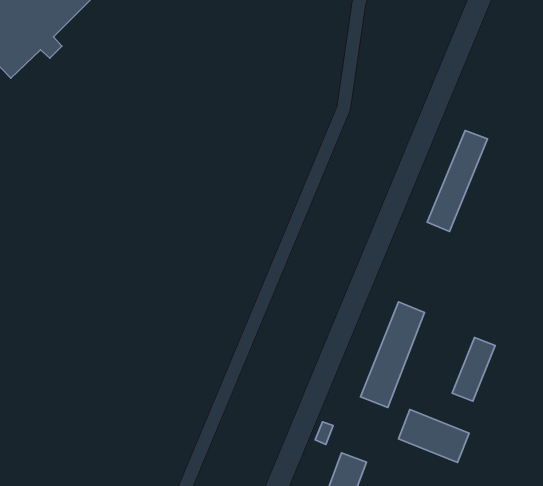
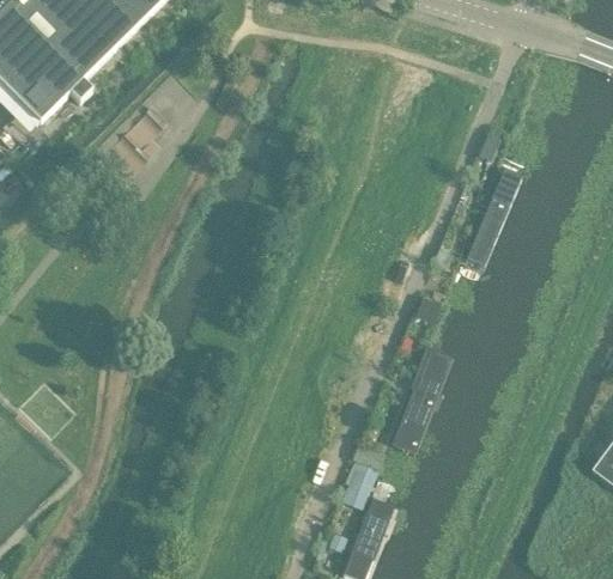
building: [452,337,495,401] -> none
building: [398,409,469,462] -> none

